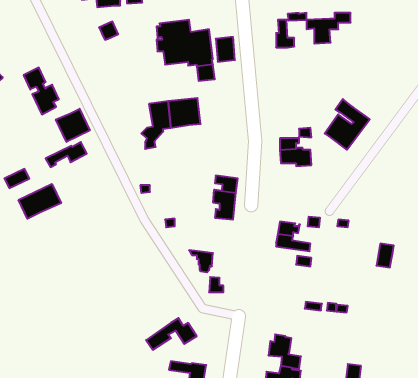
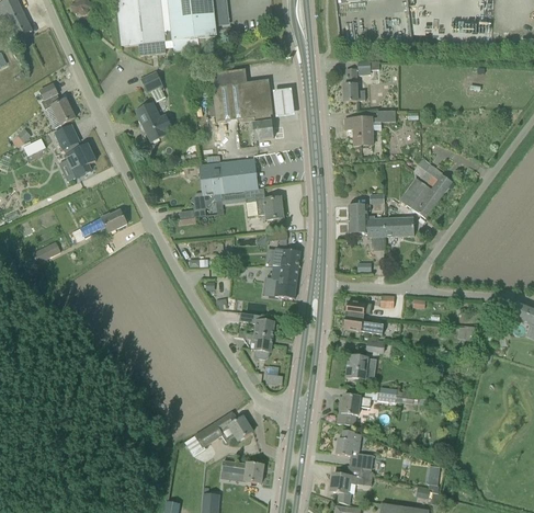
building: [307,13,351,44] -> [344,111,395,146]
building: none -> [39,84,75,124]
building: none -> [135,102,172,142]
building: [56,109,90,142] -> none
building: none -> [243,187,283,221]
building: none -> [383,217,413,236]
building: [19,184,61,219] -> none
building: none -> [238,312,273,337]
building: none -> [345,355,367,379]
building: none -> [337,395,370,425]

